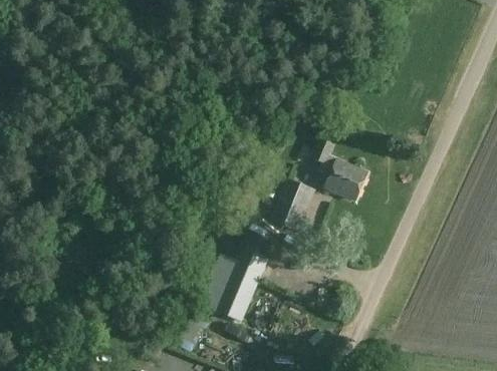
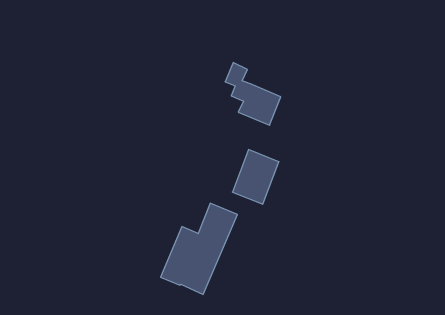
building: [311,138,366,201] -> [225,63,281,125]

